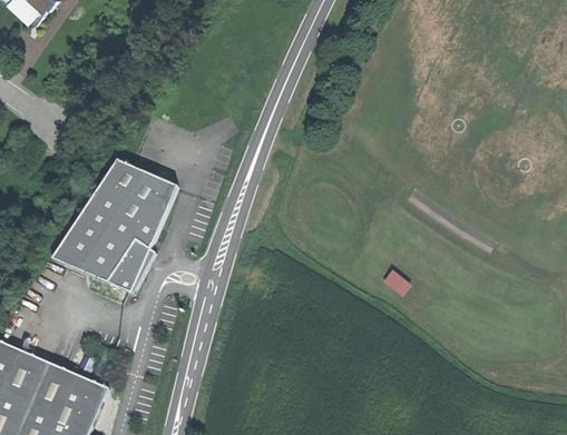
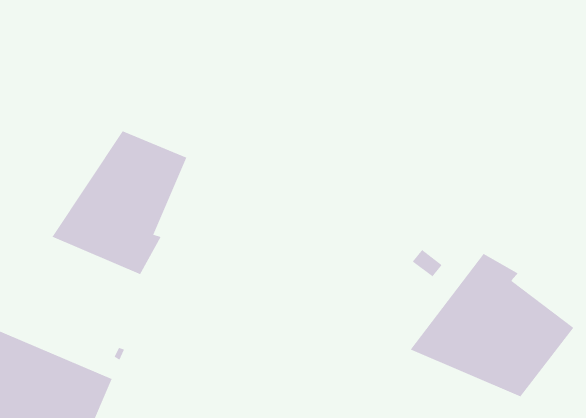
building: none -> [410,253,574,397]

